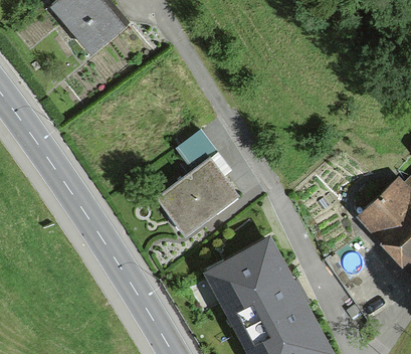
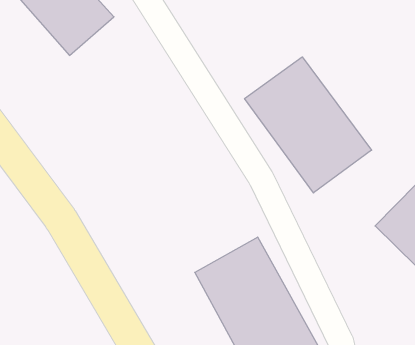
building: none -> [245,57,372,193]
building: [160,130,246,237] -> none

